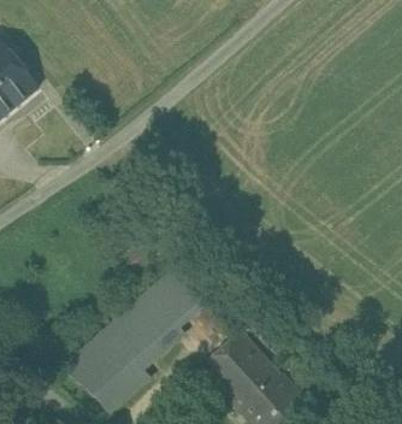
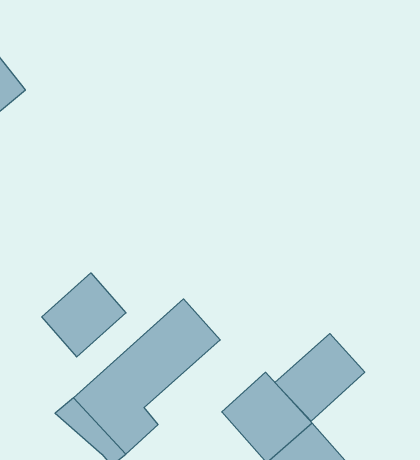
building: none -> [42,273,126,357]
building: none -> [275,334,365,421]

